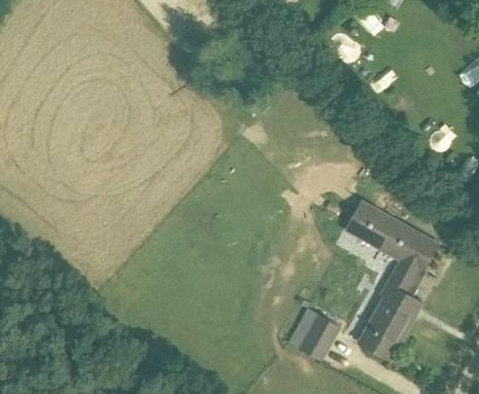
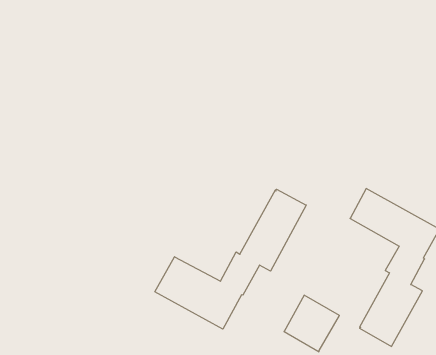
building: none -> [155,189,306,329]

